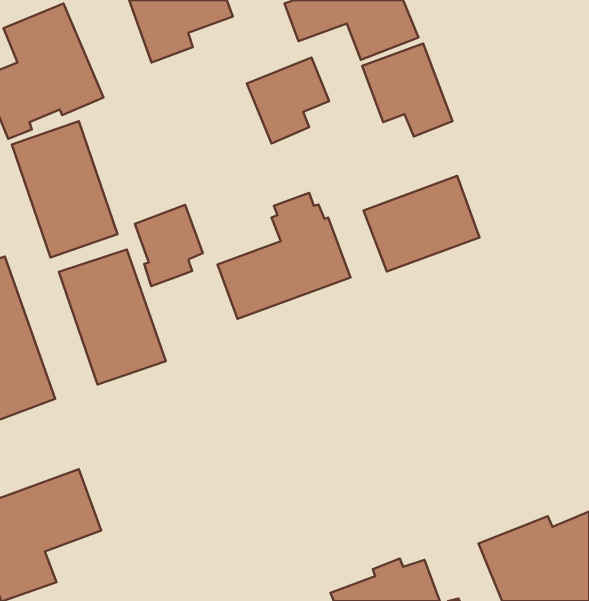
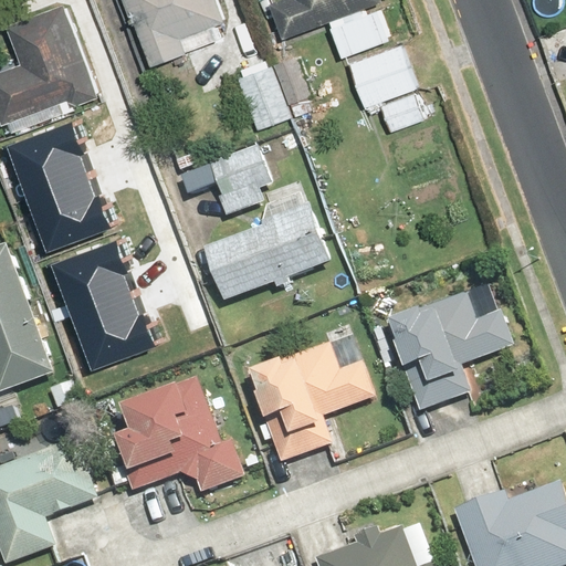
building: [363,176,480,271] -> none
building: [135,205,203,286] -> [207,140,271,217]
building: none -> [387,293,513,416]
building: none -> [244,324,375,467]
building: none -> [113,379,243,495]

